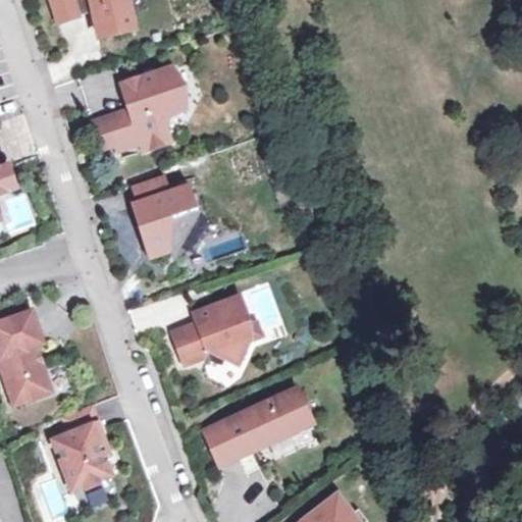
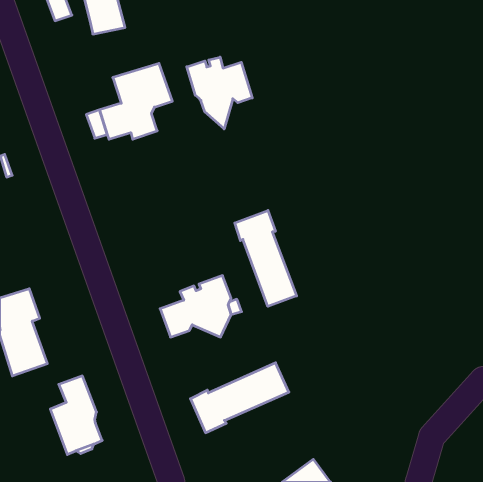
building: none -> [187,57,252,129]
building: [132,176,197,259] -> none
building: none -> [235,210,297,306]

